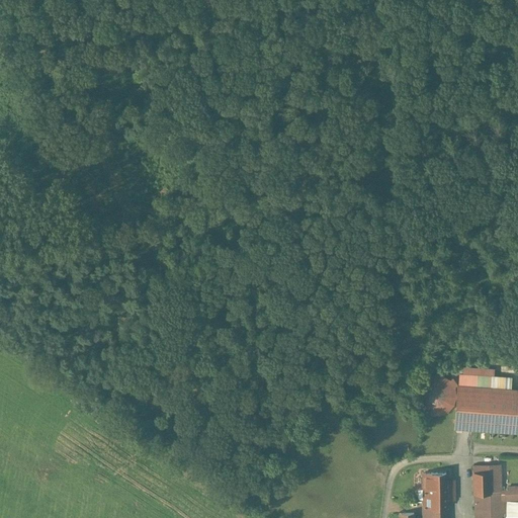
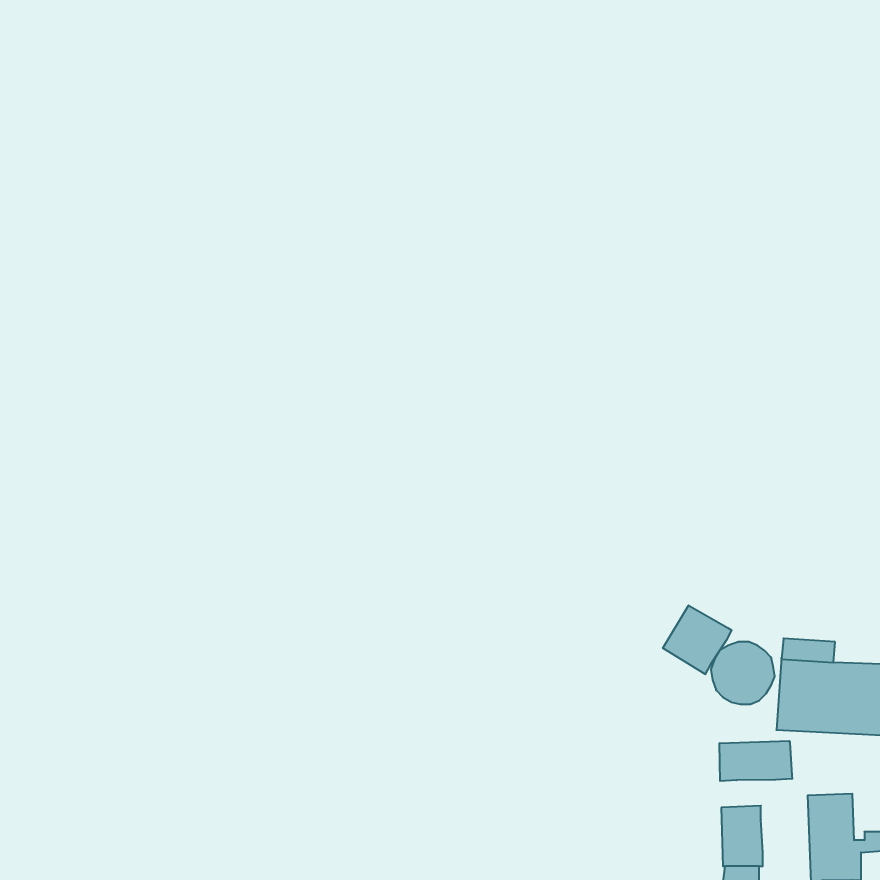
building: none -> [663,605,732,674]
building: none -> [720,741,792,781]

